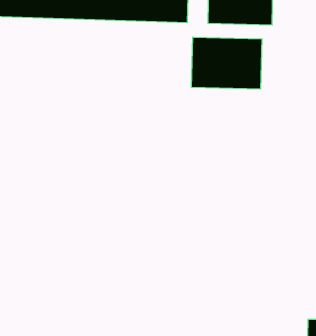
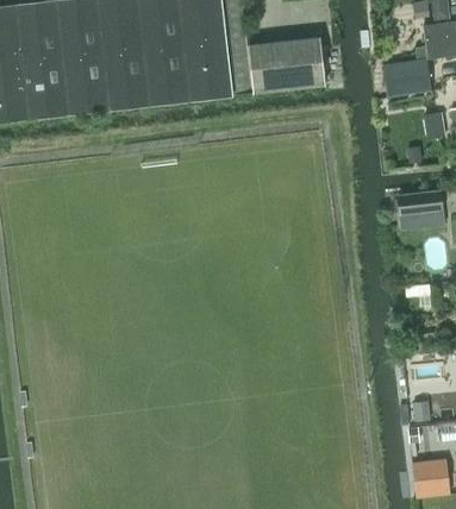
building: [191,37,262,89] -> none

